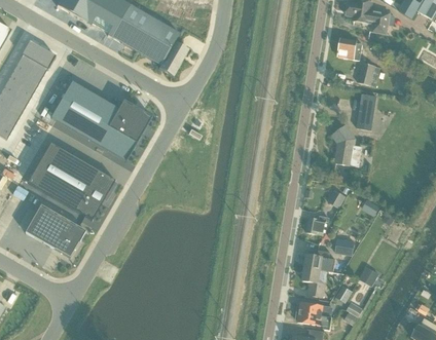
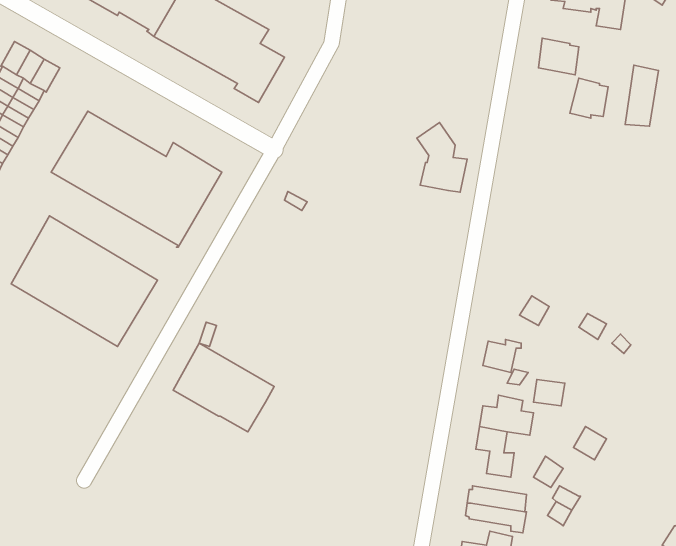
building: [357,92,376,128] -> [625,65,658,126]
building: [332,124,362,165] -> [417,123,467,192]
building: [25,203,84,256] -> [173,343,274,432]

